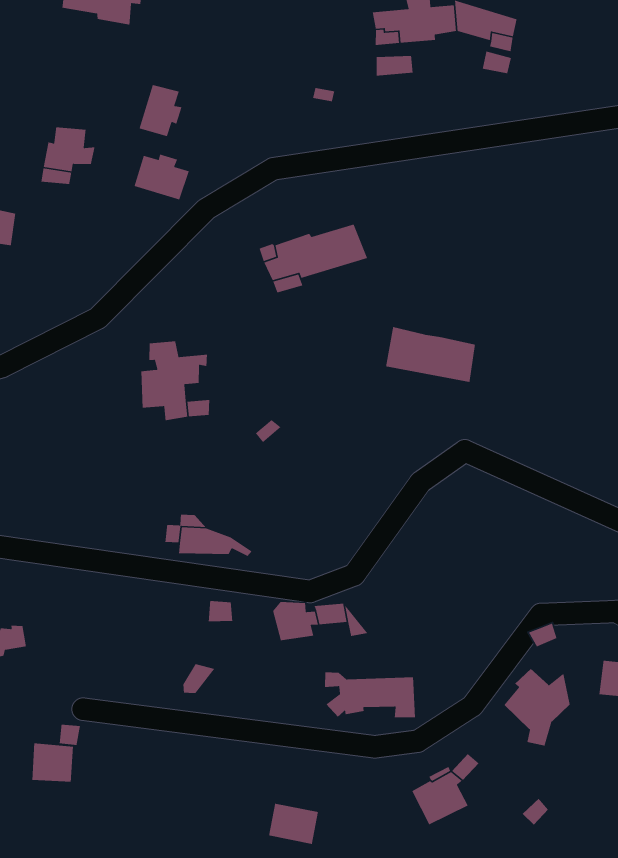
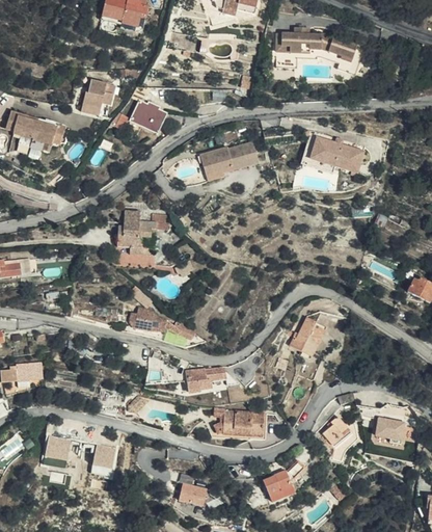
building: [139,84,182,137] -> none
building: [385,326,476,383] -> [305,135,358,171]
building: none -> [288,321,325,363]
building: none -> [89,440,117,474]

